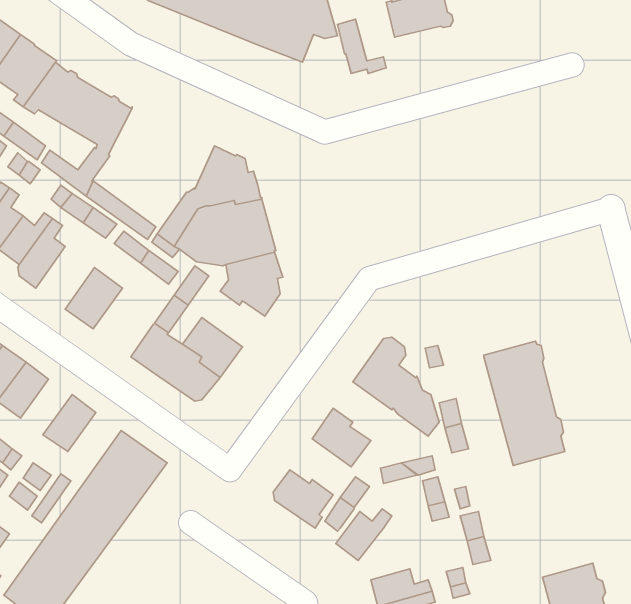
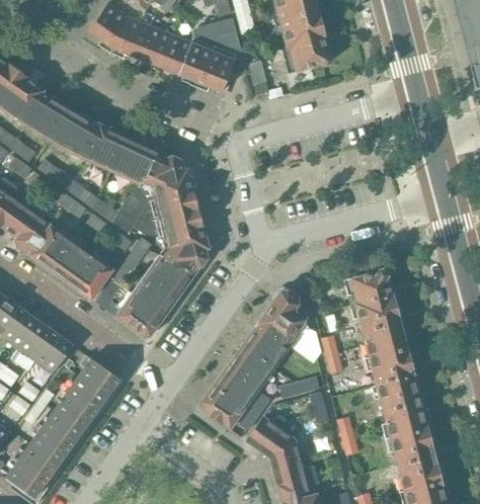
building: none -> [82,124,159,185]
building: none -> [29,225,72,270]
building: none -> [71,255,112,300]
building: none -> [150,257,195,298]
building: none -> [343,268,392,306]
building: none -> [18,321,56,361]
building: none -> [245,323,292,365]
building: none -> [214,364,258,405]
building: none -> [376,373,433,465]
building: none -> [263,429,301,467]

